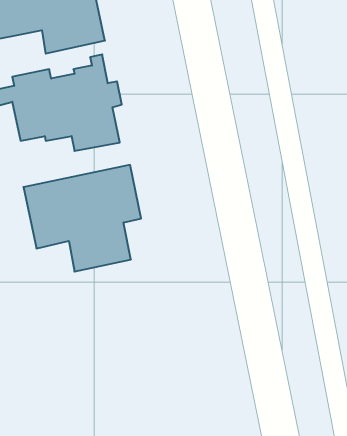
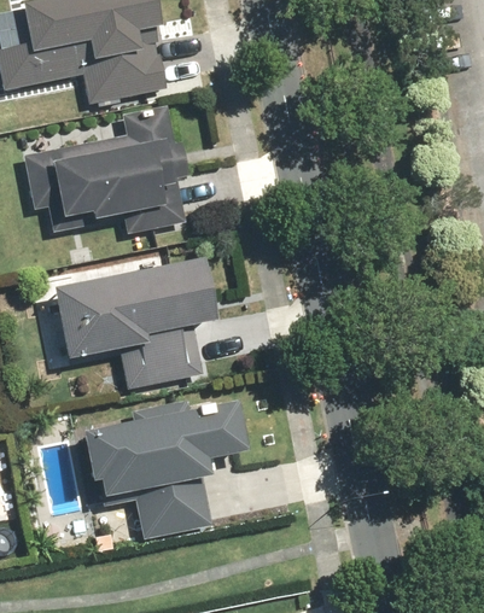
building: none -> [78,403,239,537]

